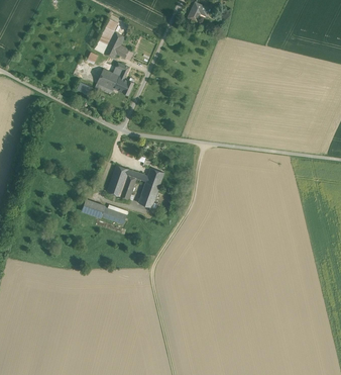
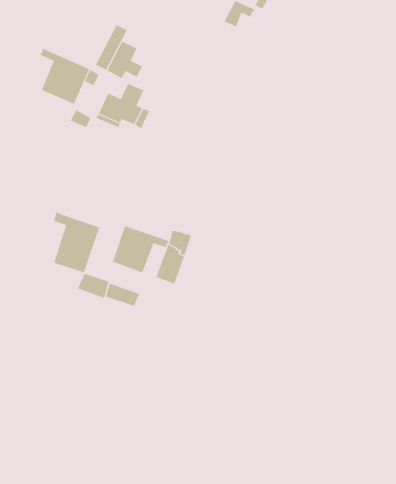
building: none -> [40,48,90,104]
building: none -> [53,212,100,273]

